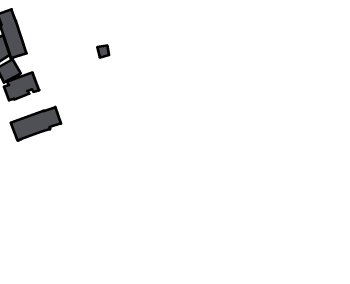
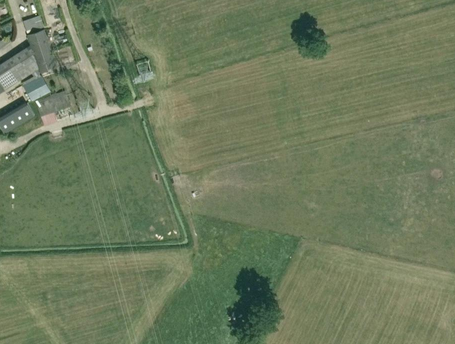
building: [11,107,61,141] -> none

